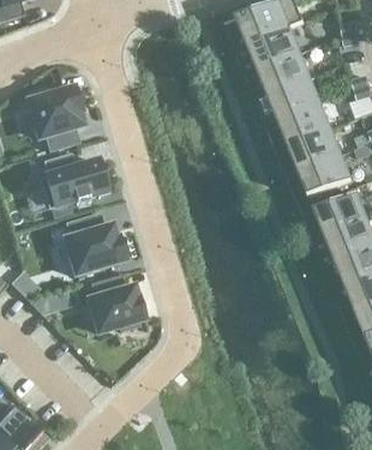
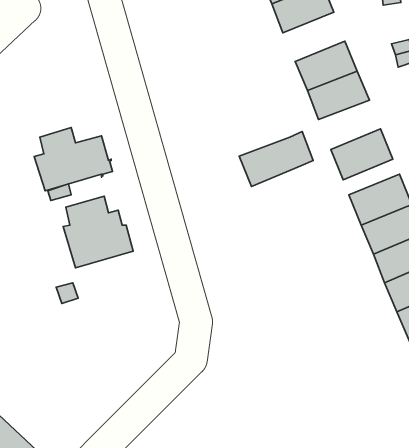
building: [256,53,310,96] -> none
building: [29,89,83,151] -> none
building: [287,125,352,173] -> [239,132,313,186]
building: [89,276,145,332] -> none

